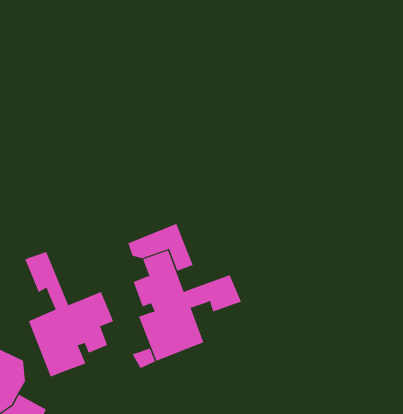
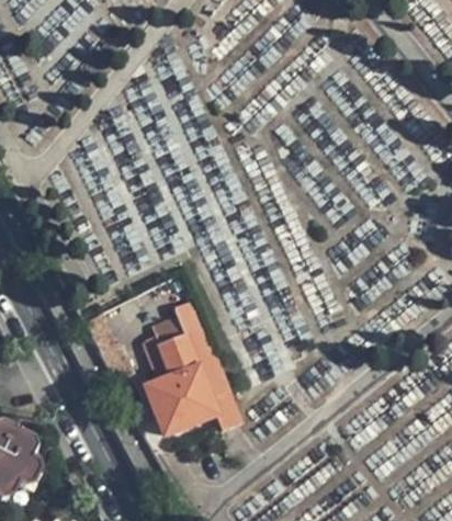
building: [25,251,114,377] -> none

